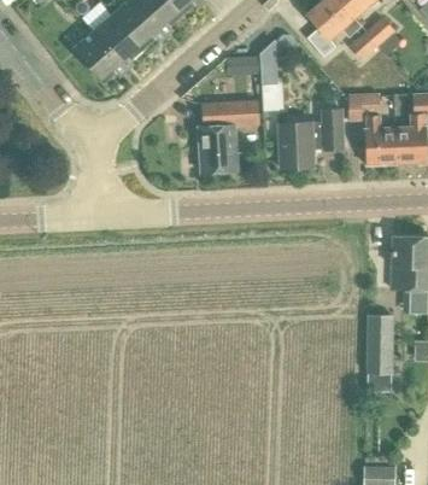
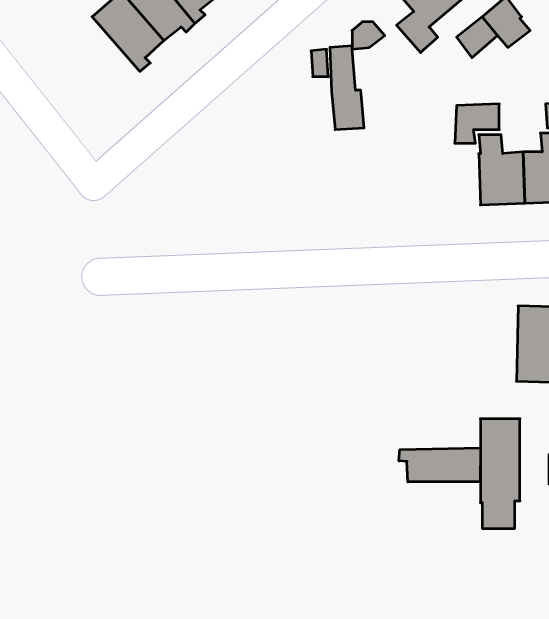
building: [72,31,125,83] -> none
building: [198,100,259,171] -> none
building: [279,107,342,168] -> none
building: none -> [399,448,480,482]

